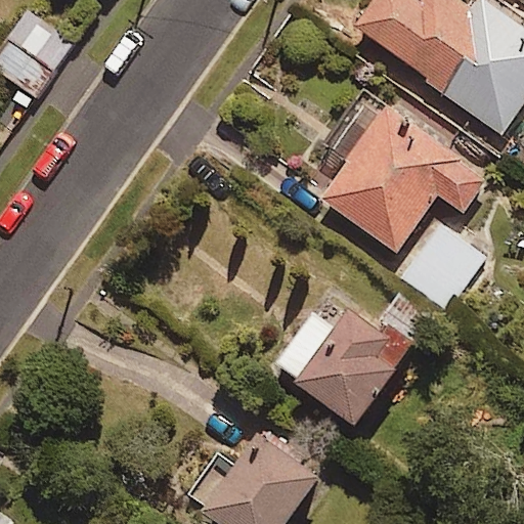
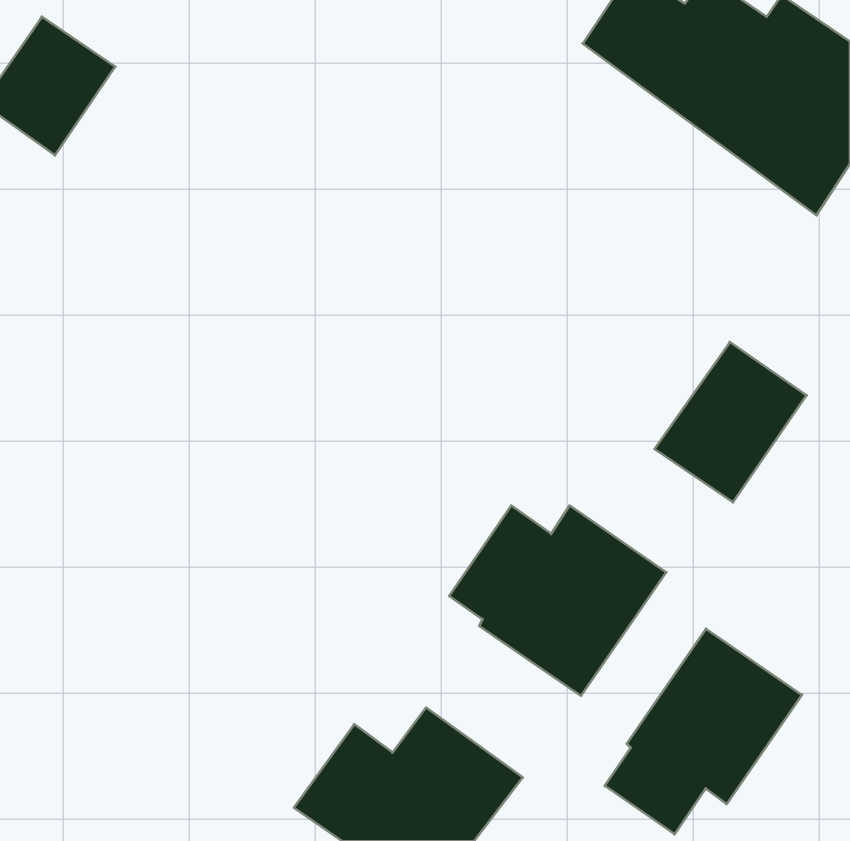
building: [321,100,484,253] -> none
building: none -> [605,629,802,834]

